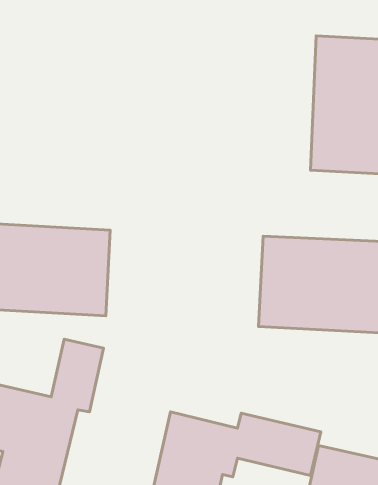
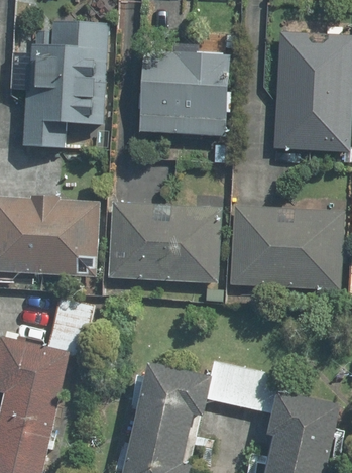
building: none -> [23,20,109,146]
building: none -> [139,47,231,136]
building: none -> [108,201,221,282]

